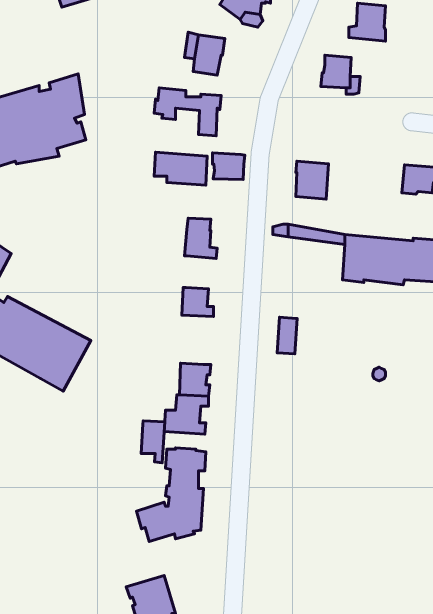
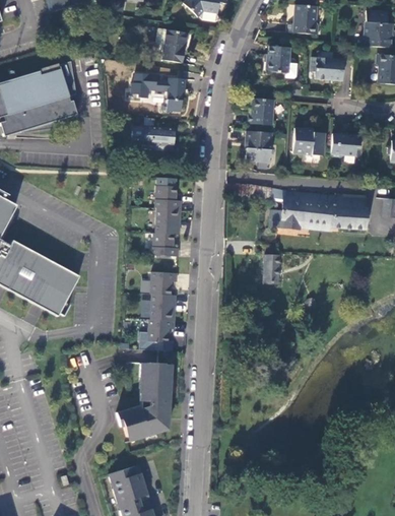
building: none -> [311,57,342,80]
building: none -> [247,99,273,125]
building: [212,153,245,180] -> none
building: none -> [291,128,324,155]
building: none -> [156,207,181,235]
building: [277,317,297,354] -> [264,253,280,282]
building: none -> [151,271,178,295]
building: [141,421,165,463] -> none

